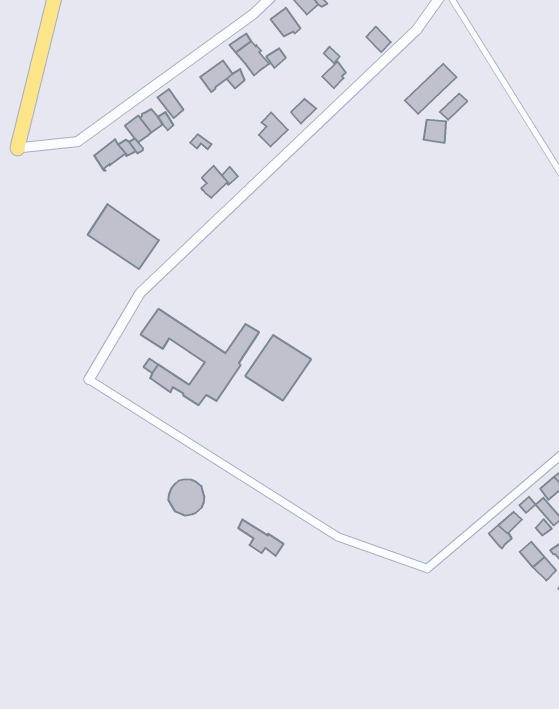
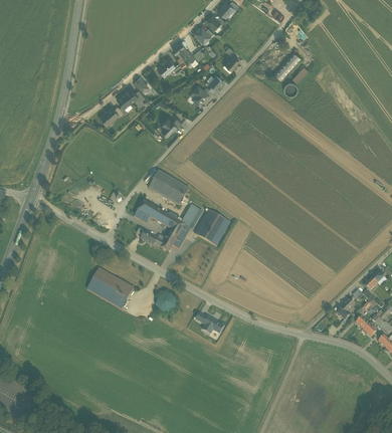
building: [88,204,159,269] -> [148,170,188,205]
building: none -> [85,266,133,308]

